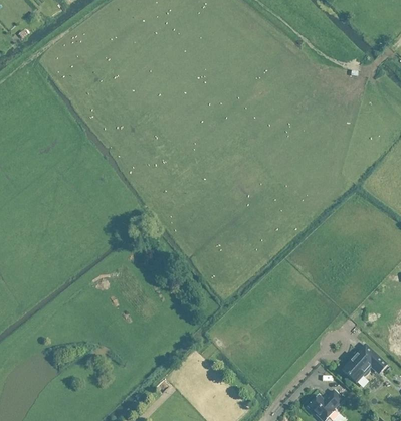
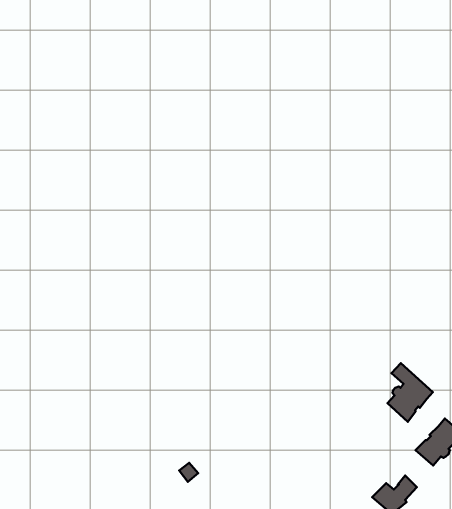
building: none -> [387,363,433,422]

